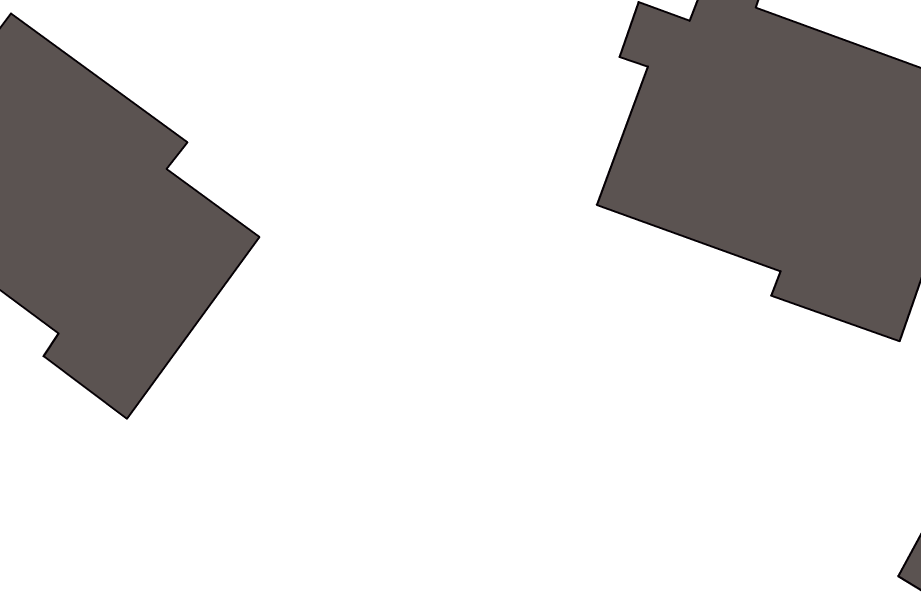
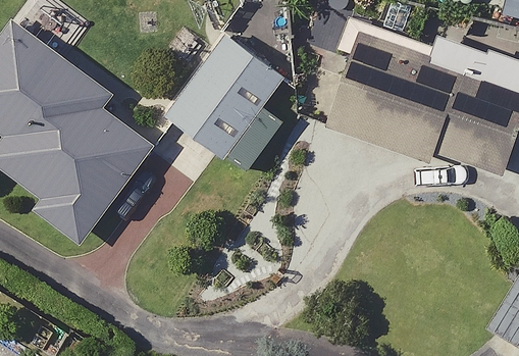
building: none -> [165,29,289,159]

